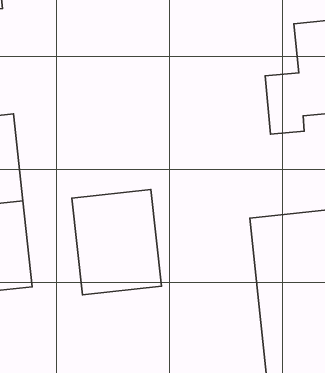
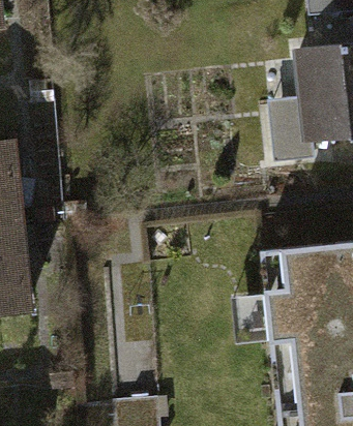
building: [72,189,161,295] -> none

